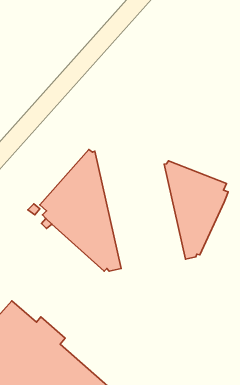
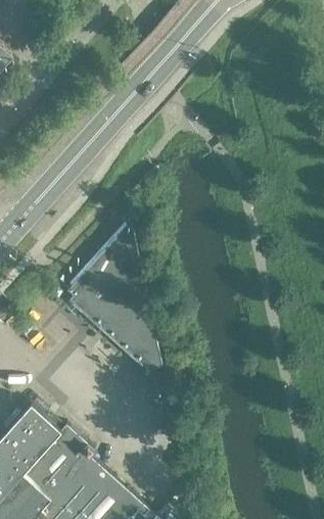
building: [164,161,228,259] -> none

